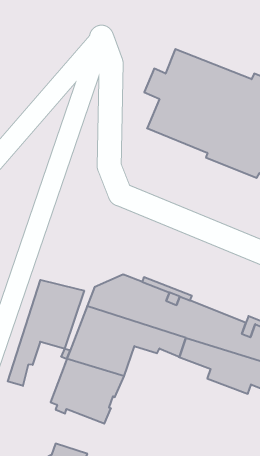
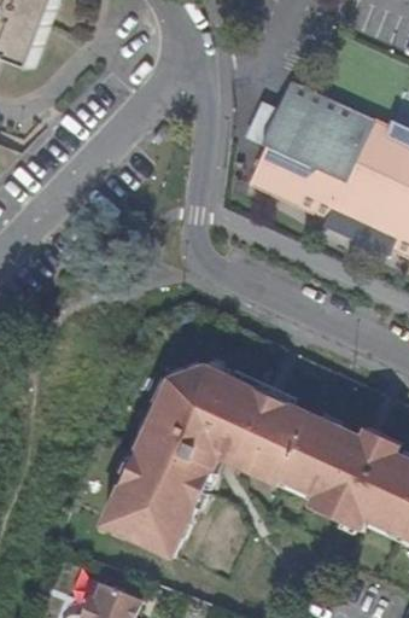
building: [8,280,84,386] -> none

